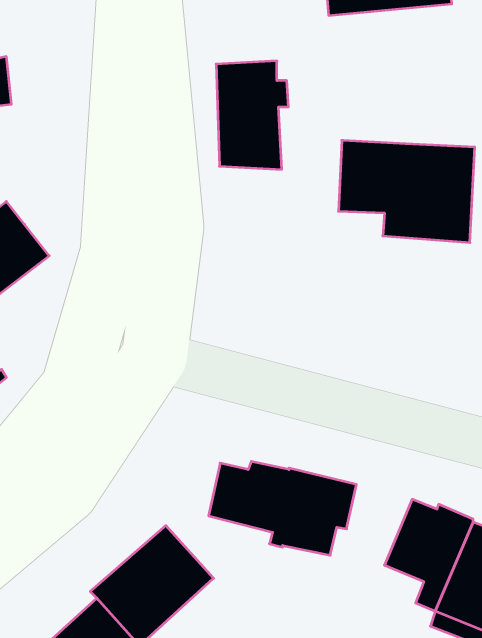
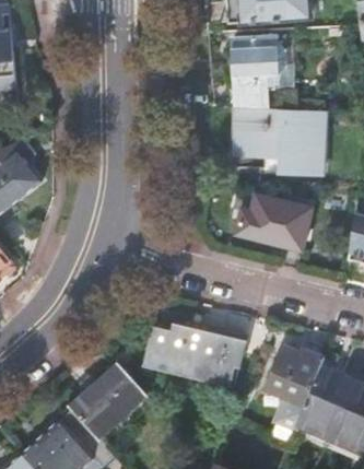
building: [216,61,288,169] -> [234,36,282,108]
building: none -> [235,194,310,247]

